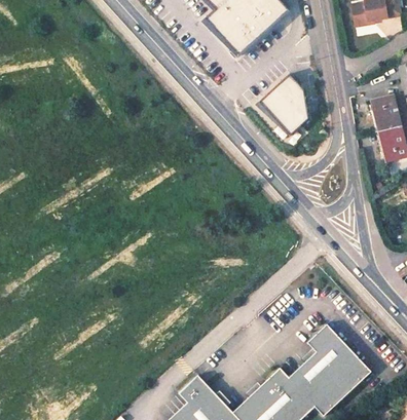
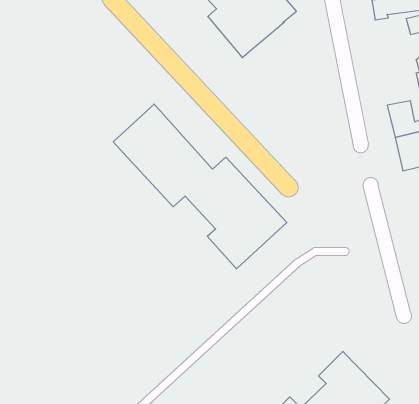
building: [258,75,305,131] -> none
building: none -> [113,104,287,269]

